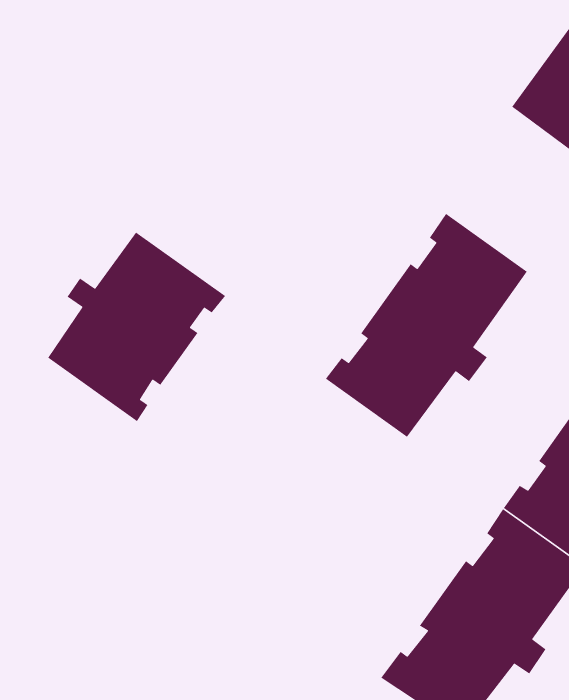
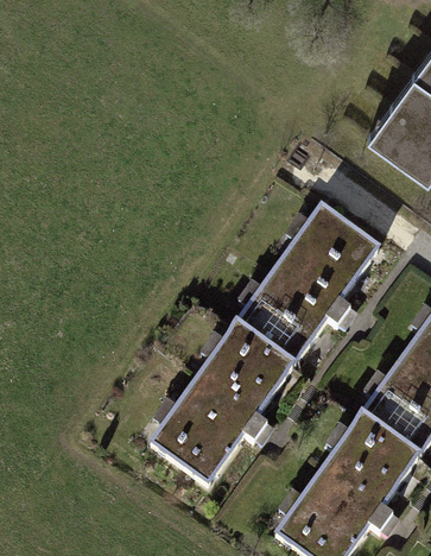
building: [47,231,226,422] -> none
building: none -> [150,323,293,485]

